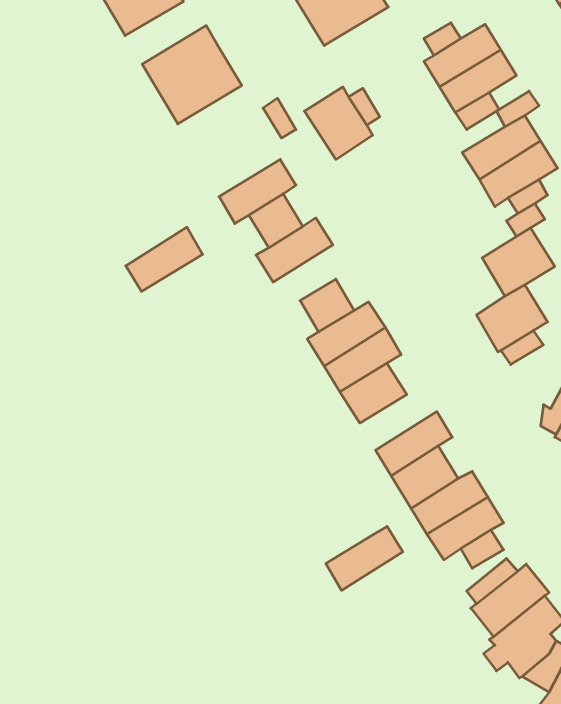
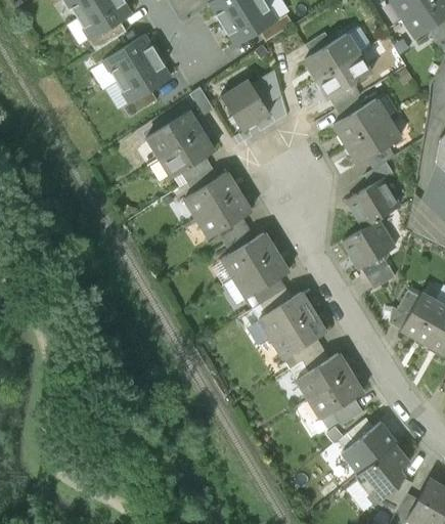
building: [126,227,203,291] -> [147,112,203,158]
building: none -> [197,192,252,237]
building: [326,526,403,590] -> [260,294,315,340]

